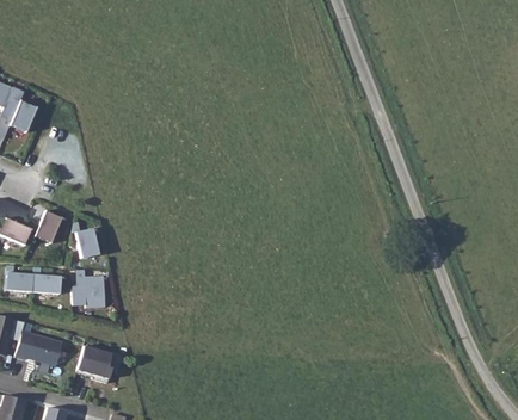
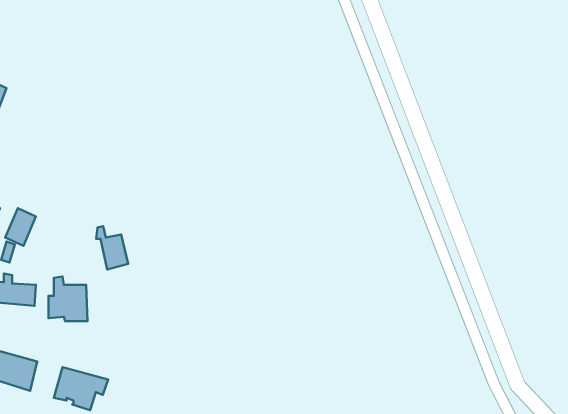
building: [72,221,99,258] -> [96,226,128,269]

